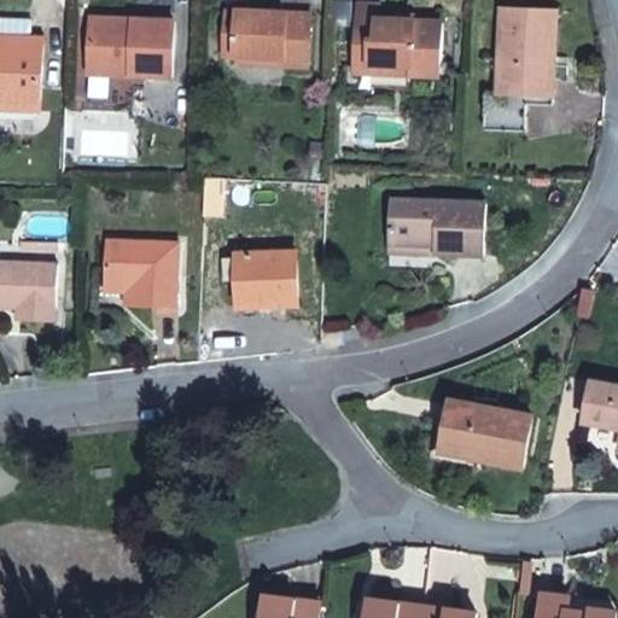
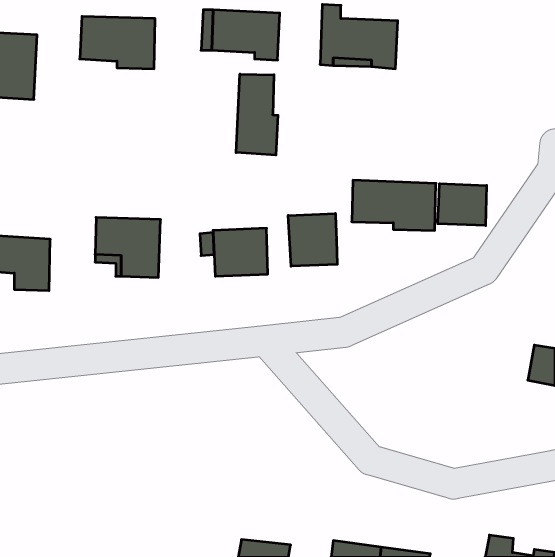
building: [482,10,554,130] -> none
building: none -> [236,74,278,155]
building: none -> [438,184,487,226]
building: none -> [288,213,337,266]
building: [438,400,530,467] -> none

